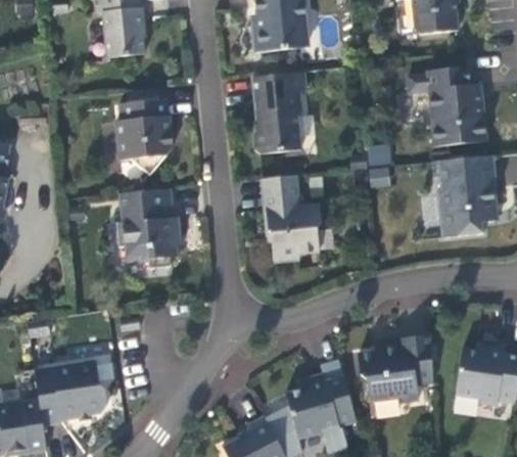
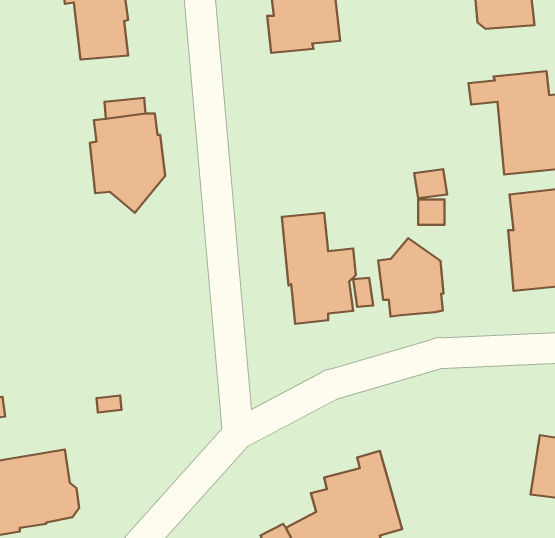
building: [251,73,306,153] -> none
building: [115,188,180,269] -> none
building: none -> [378,238,444,316]
building: [357,333,432,401] -> none

